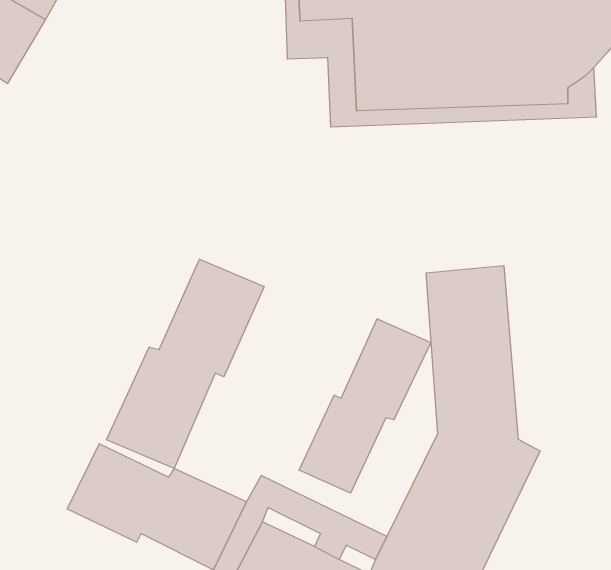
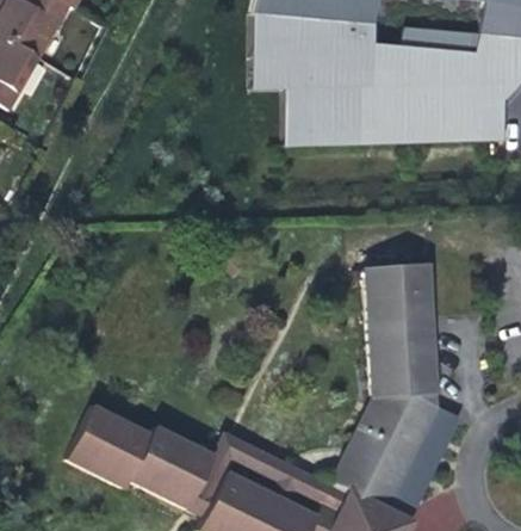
building: [107,259,264,468] -> none
building: [299,319,431,493] -> none

